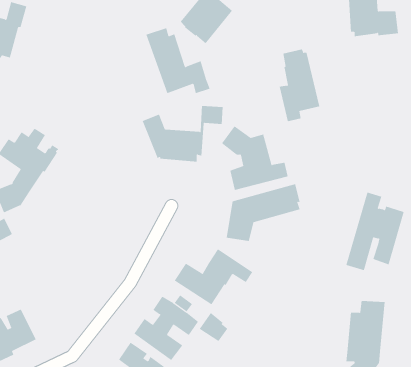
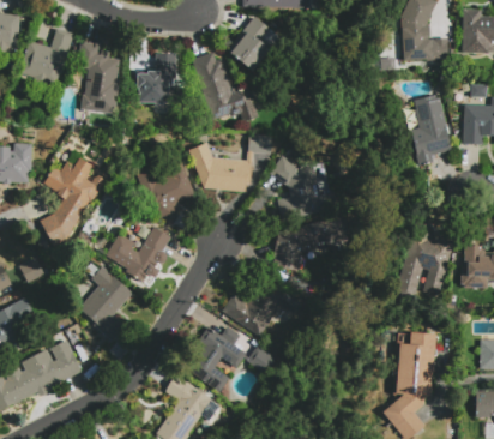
building: none -> [79,41,120,114]
building: none -> [137,53,183,104]
building: [279,49,320,122] -> [411,94,453,168]
building: none -> [137,158,197,228]
building: none -> [106,227,171,282]
building: none -> [76,266,133,339]

